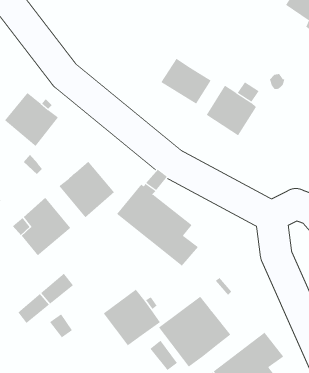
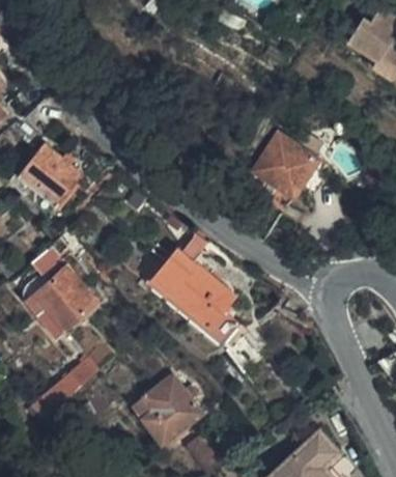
building: [160,58,211,105] -> none
building: [59,161,115,218] -> none
building: [158,296,231,367] -> none

